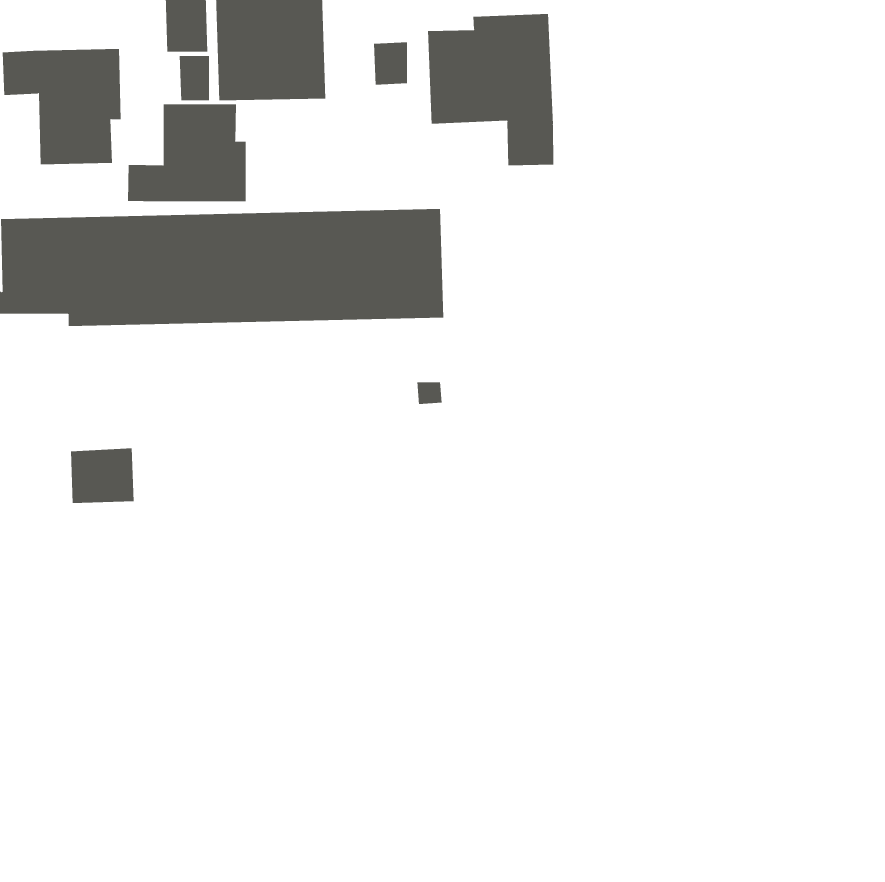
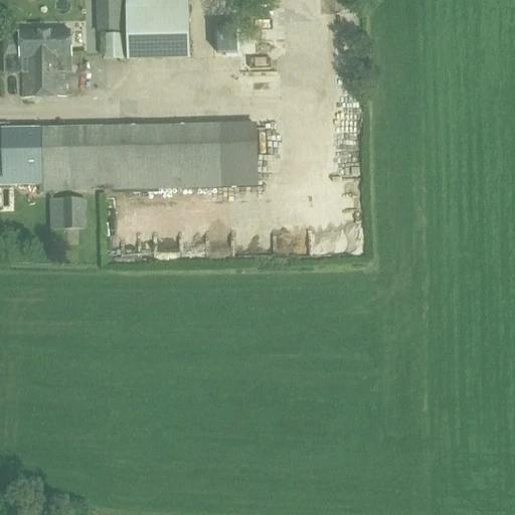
building: [427,13,554,166] -> none
building: [127,104,246,202] -> none
building: [70,448,134,503] -> [47,196,84,228]

